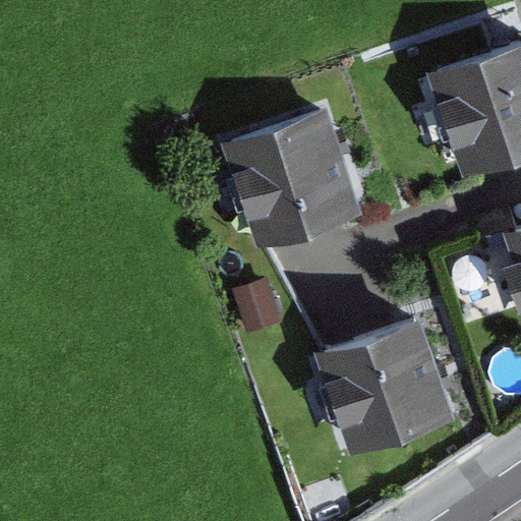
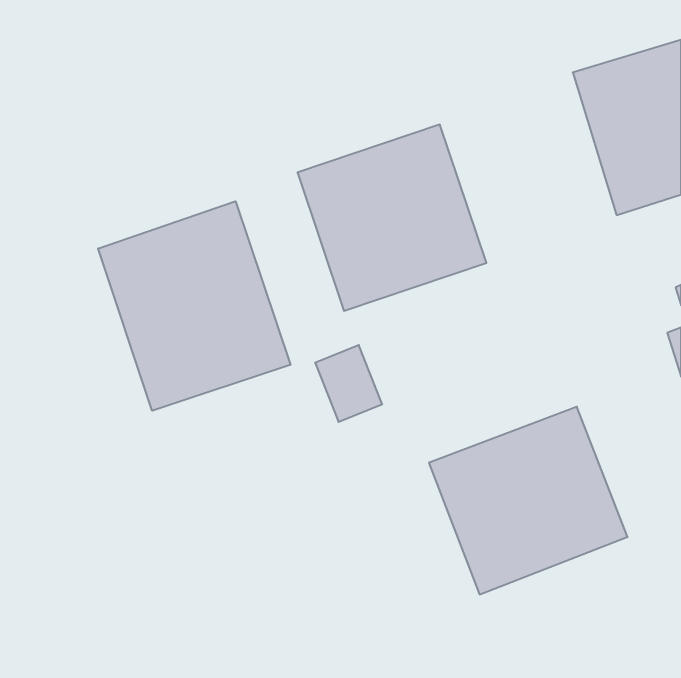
building: none -> [98,201,290,411]

